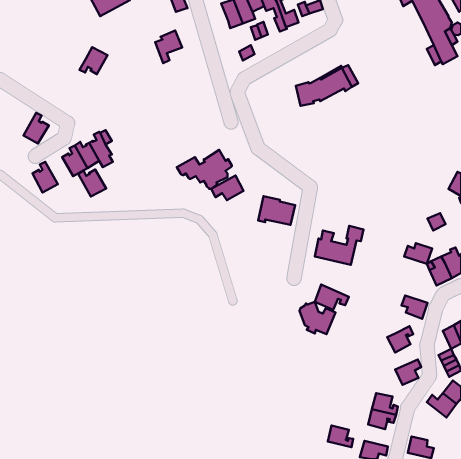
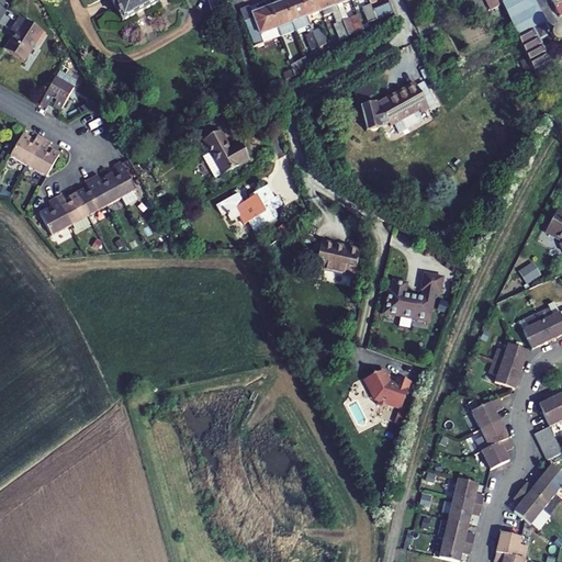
building: none -> [4,14,46,59]
building: [155,30,182,63] -> [245,4,278,44]
building: [80,47,108,74] -> [40,76,74,109]
building: none -> [202,128,248,176]
building: none -> [10,132,44,165]
building: [78,169,106,197] -> [55,191,89,224]
building: [211,175,243,200] -> none
building: [404,243,432,264] -> [493,342,527,368]
building: [315,285,349,310] -> none
building: none -> [475,418,508,449]
building: none -> [513,488,543,522]
building: [328,425,353,447] -> [443,516,474,542]

